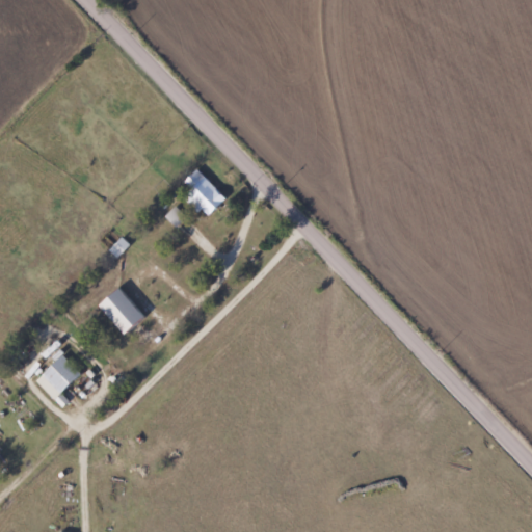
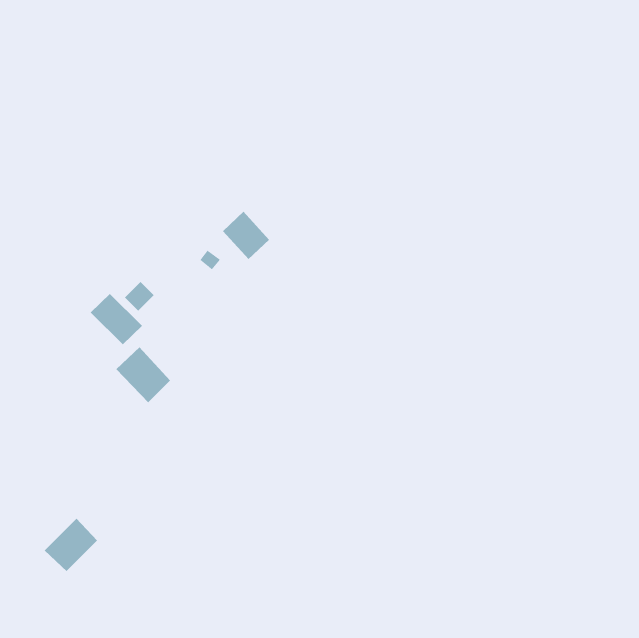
building: none -> [90,293,143,345]
building: [35,353,80,398] -> [44,518,98,572]

